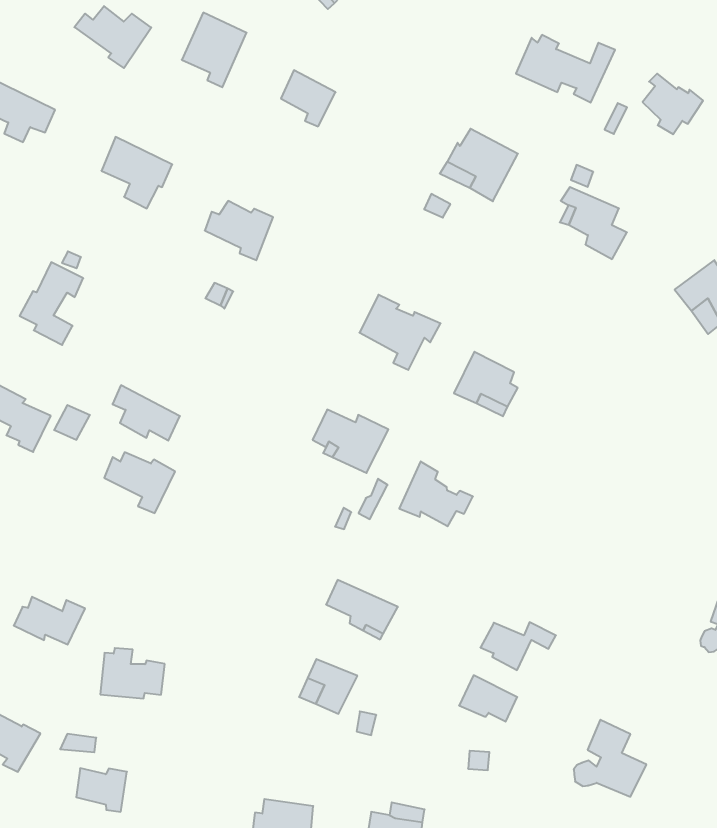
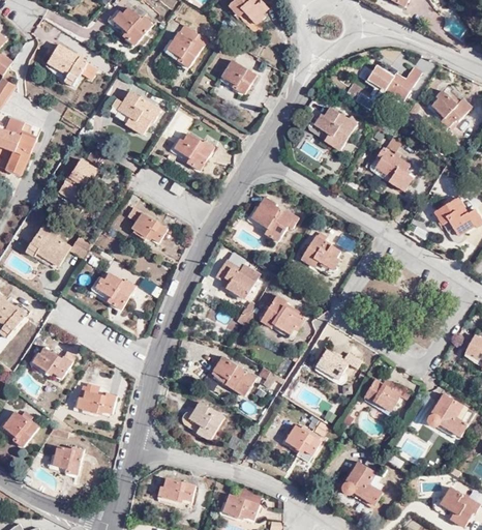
building: [112,385,180,441] -> [126,205,164,240]
building: none -> [367,377,403,411]
building: [480,622,556,670] -> [317,350,361,379]

